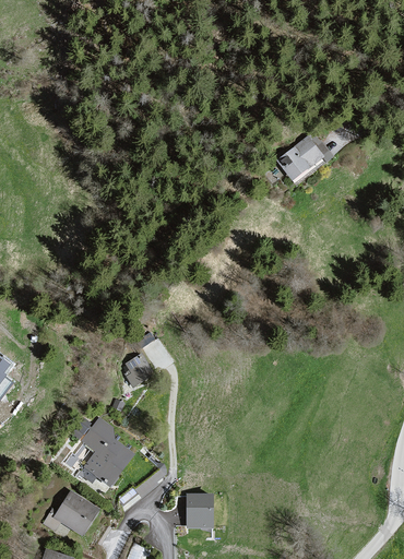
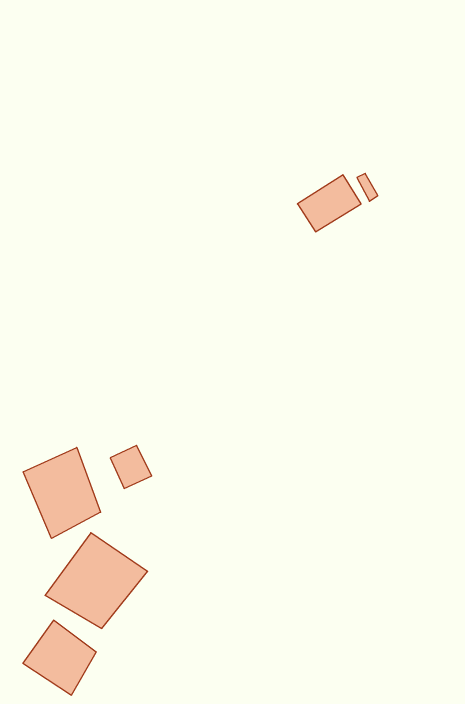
building: none -> [23,447,101,538]
building: [178,492,207,528] -> none

